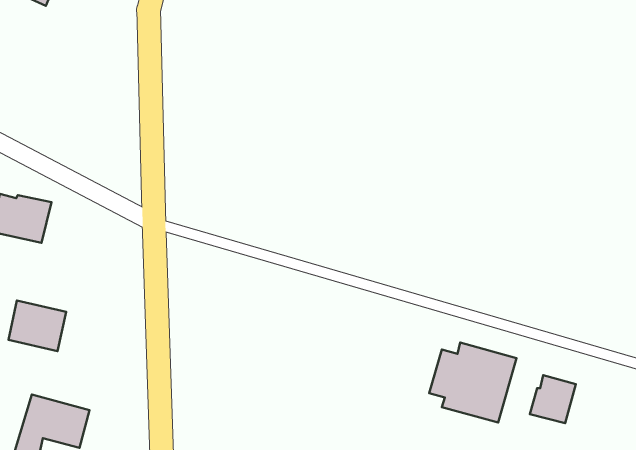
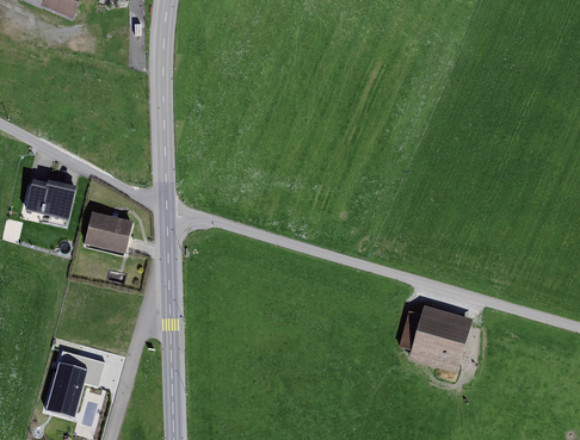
building: [8,301,66,351] -> [84,212,132,255]
building: [530,375,576,423] -> none

